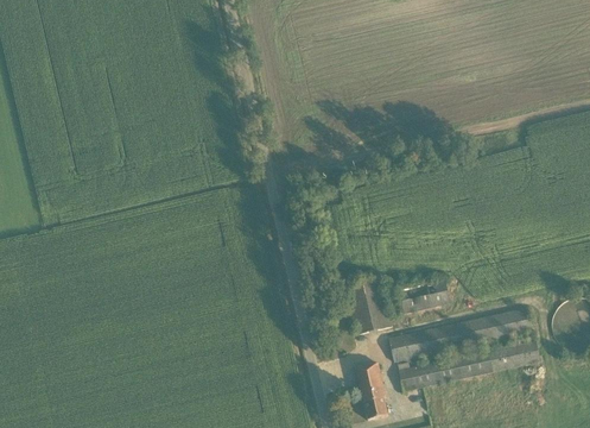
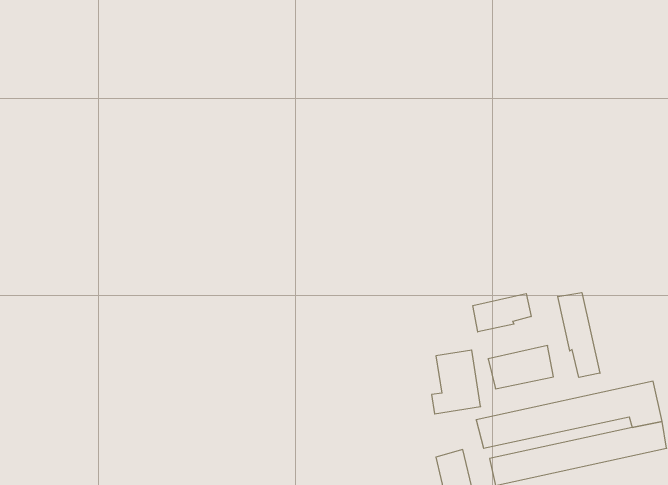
building: none -> [558,293,600,377]
building: none -> [473,294,531,332]

